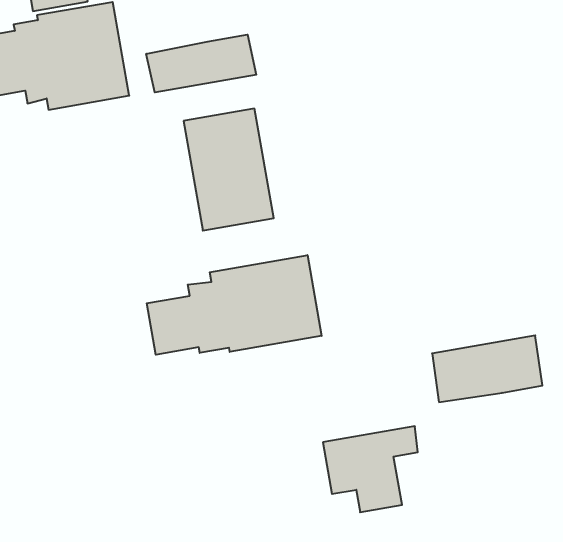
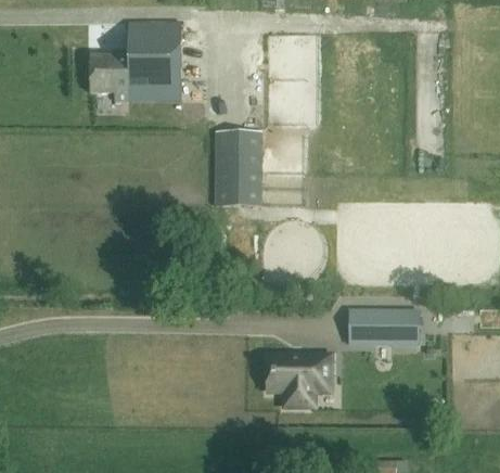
building: [146,35,256,92] -> none
building: [147,255,322,355] -> none

